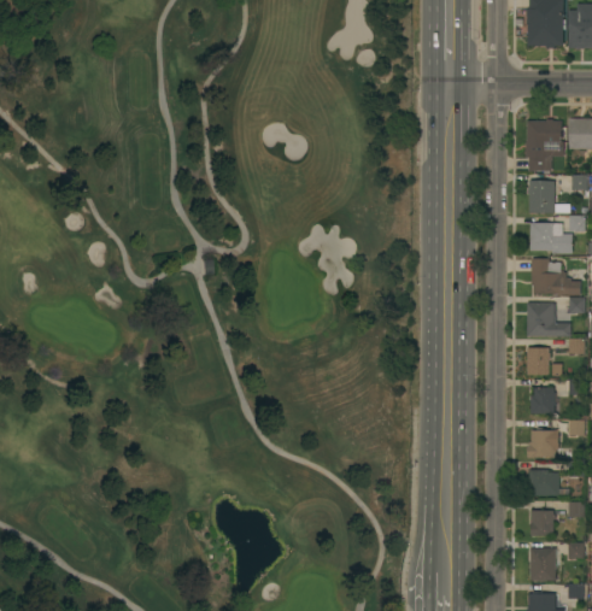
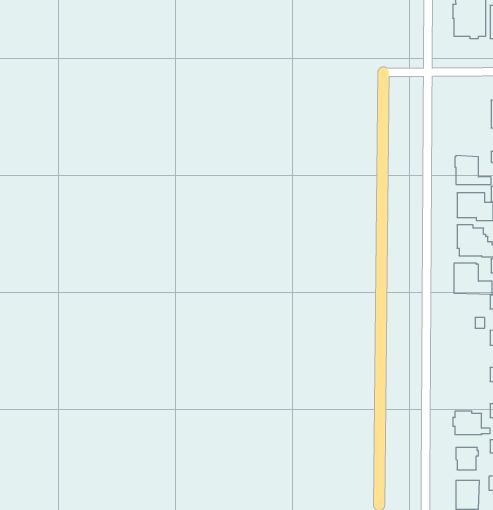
building: [526,119,564,171] -> none
building: [527,348,551,375] -> none
building: [531,388,556,413] -> none
building: [528,428,557,458] -> none

